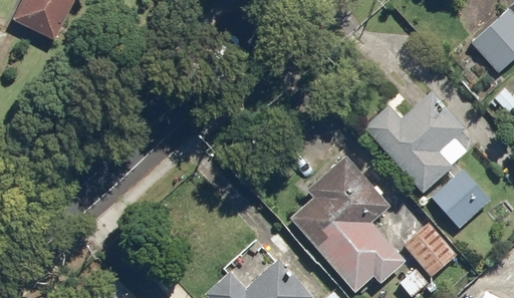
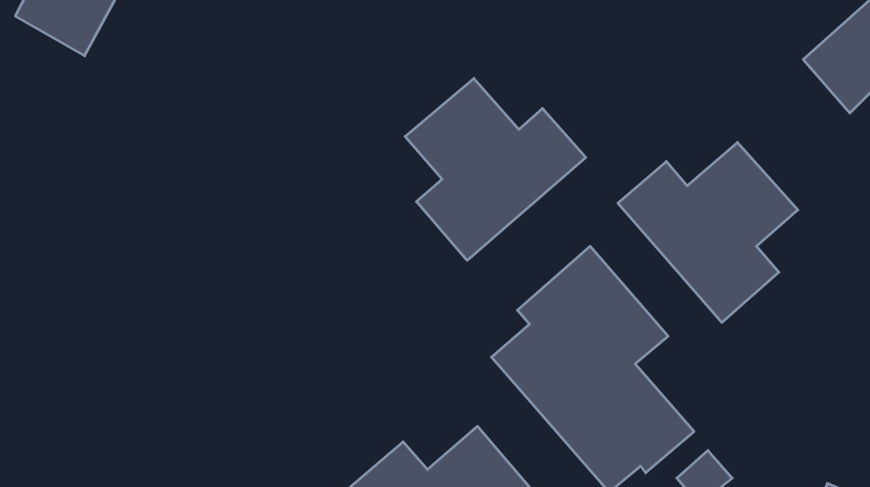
building: none -> [405,78,586,260]
building: [431,173,487,230] -> none
building: [403,225,457,281] -> none

